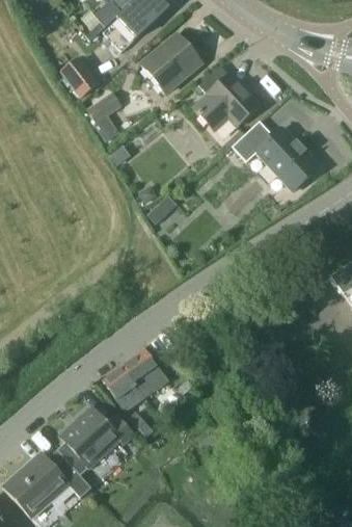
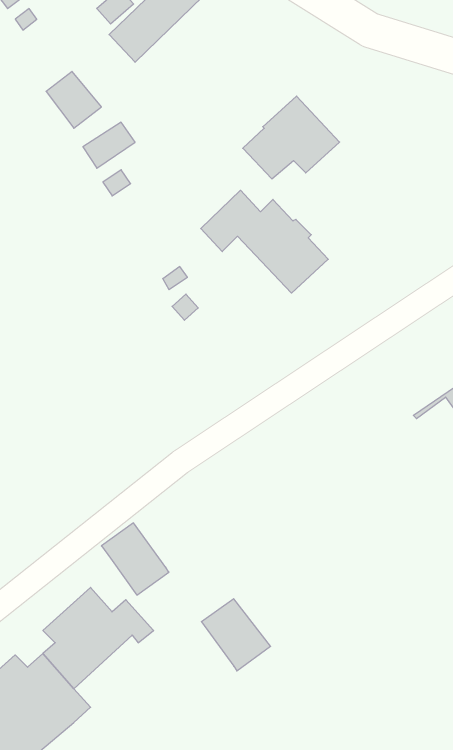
building: [140,33,201,94] -> none
building: [233,120,319,189] -> [201,190,328,293]
building: [121,346,168,395] -> [201,599,271,671]

